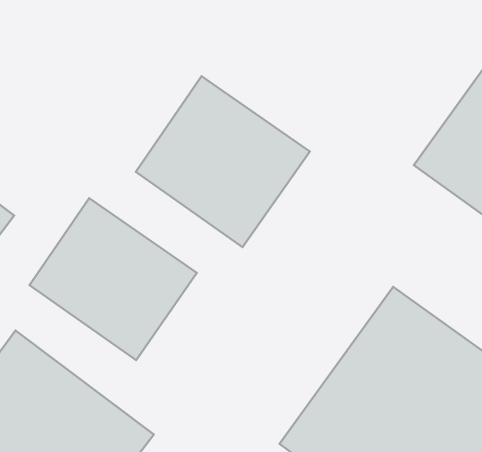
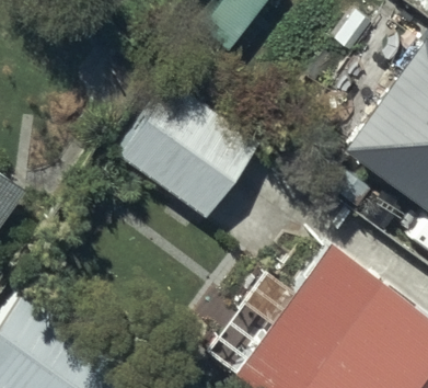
building: [29,198,197,360] -> none

